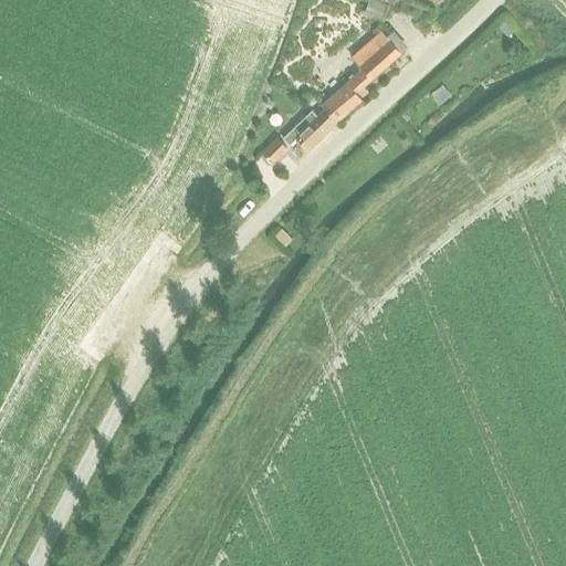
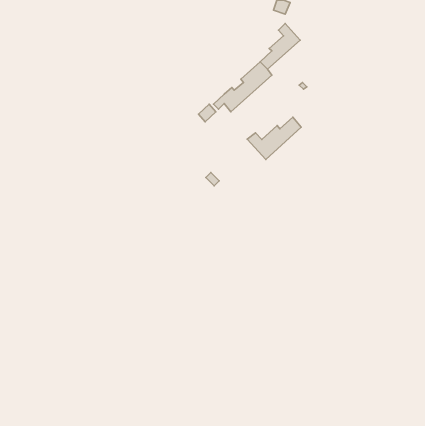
building: none -> [247,117,301,160]

